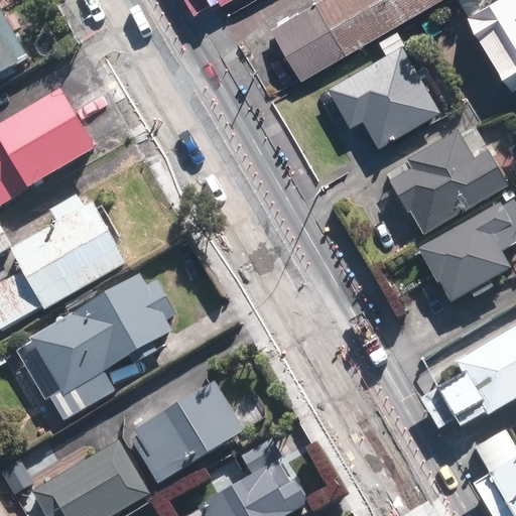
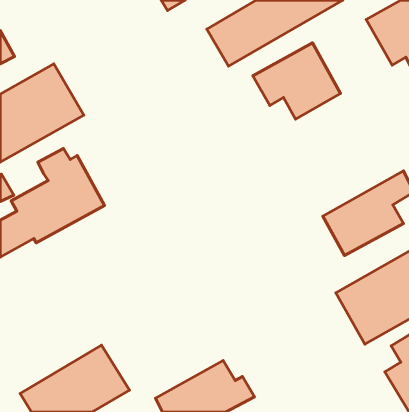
building: [370,139,502,249] -> none
building: [18,274,162,427] -> none
building: [138,369,263,477] -> none

